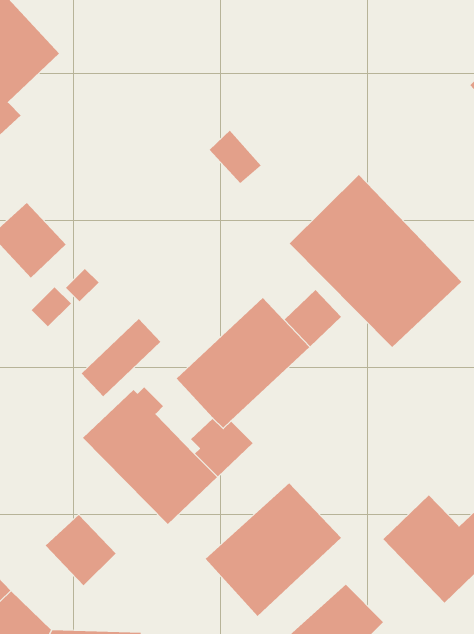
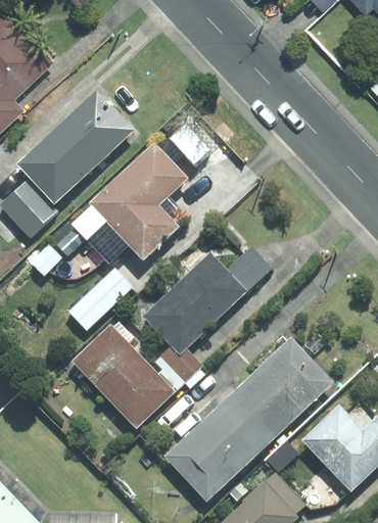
building: none -> [17,91,133,202]
building: none -> [69,143,188,264]
building: [289,174,462,348] -> none
building: none -> [230,339,332,439]
building: [45,514,116,586] -> none

